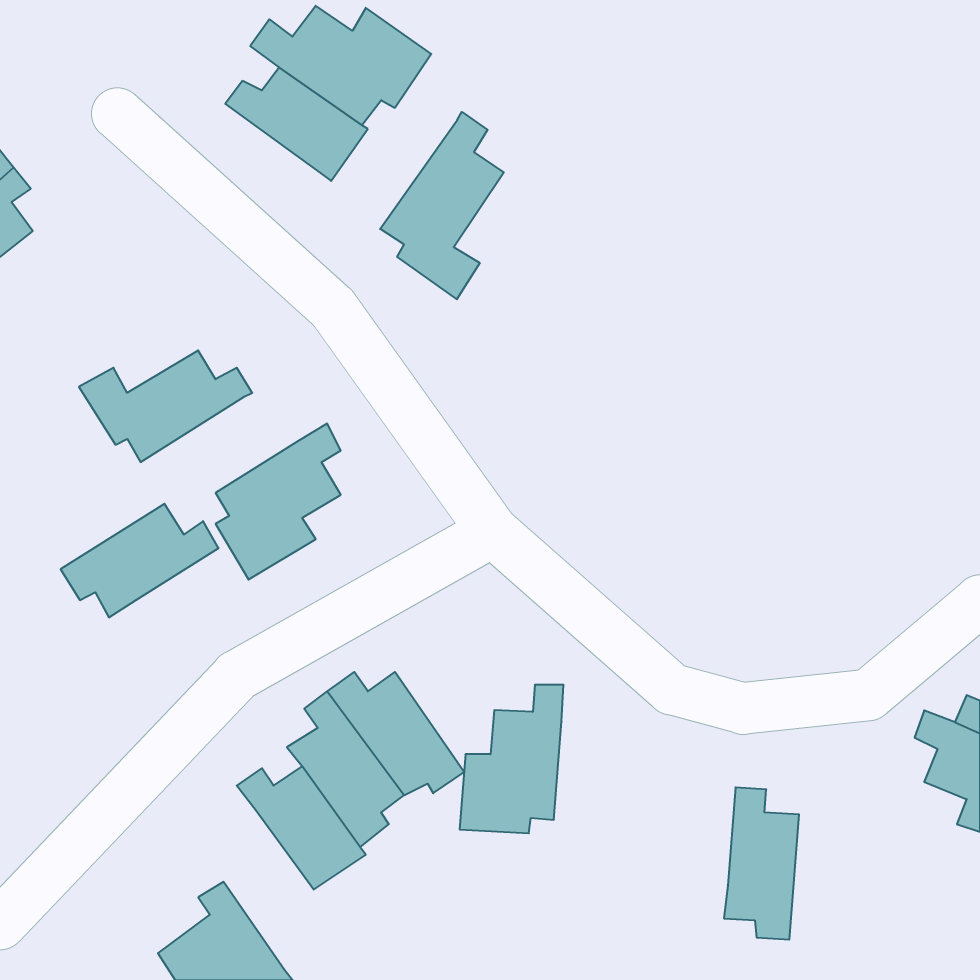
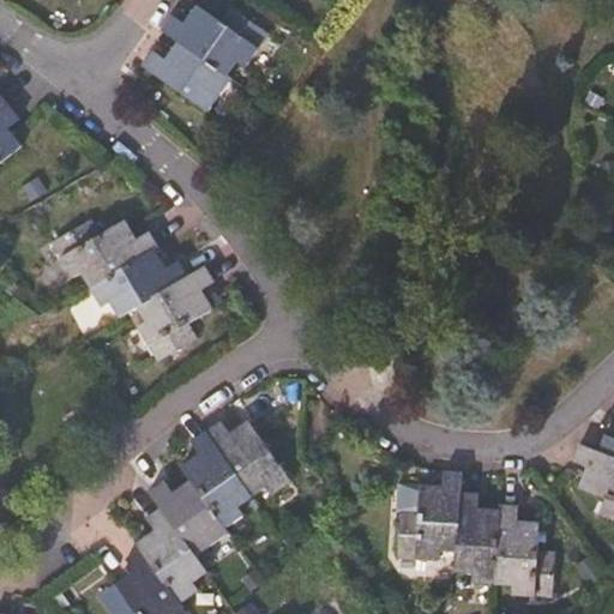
building: [380,112,504,299] -> none
building: [61,504,219,617] -> [88,247,186,318]
building: [460,685,564,833] -> [395,468,459,560]
building: none -> [492,504,554,598]
building: none -> [134,505,207,604]

